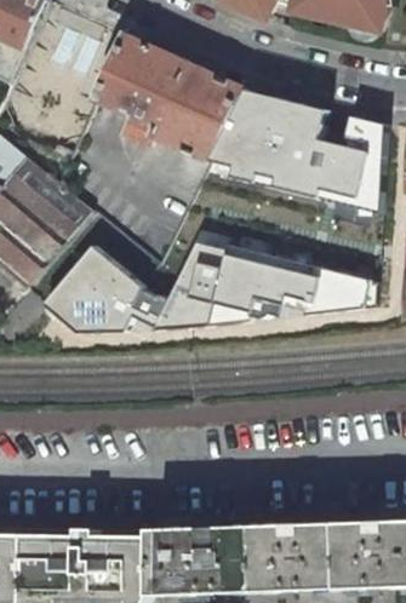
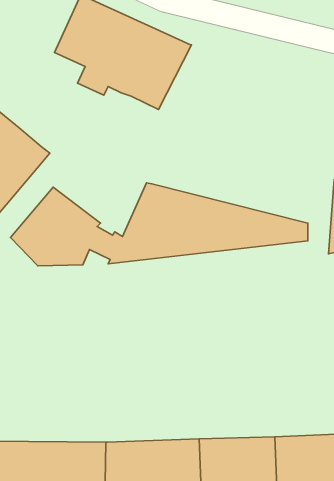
building: [207,91,385,213] -> none

